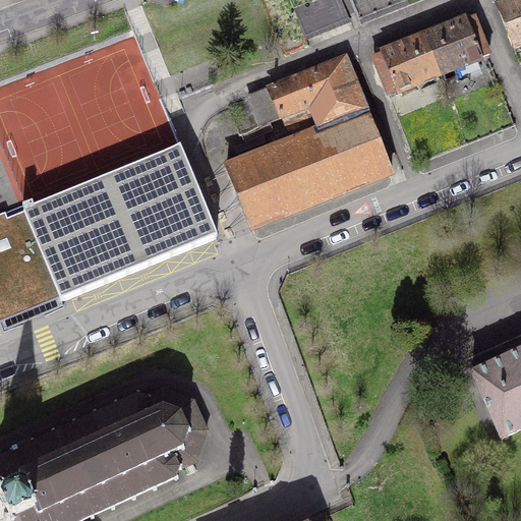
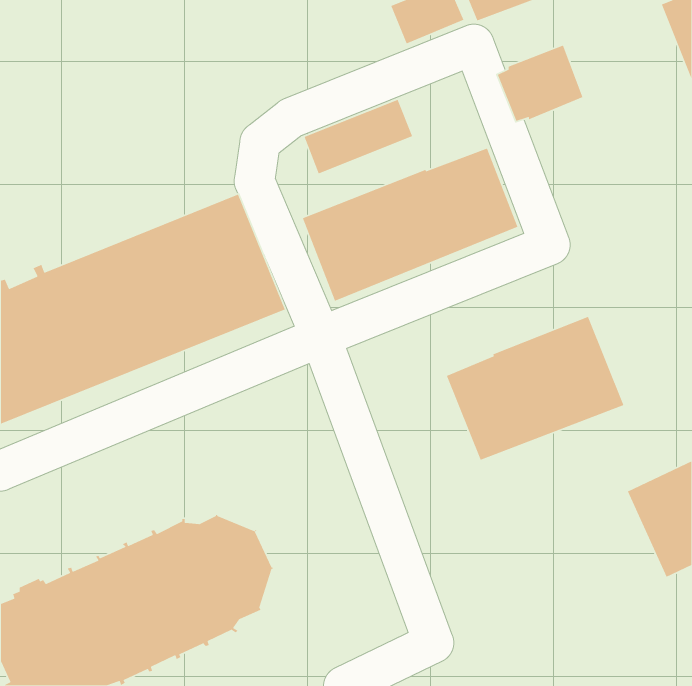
building: [423,14,488,73] -> none
building: [299,56,366,128] -> none
building: none -> [446,316,625,461]

